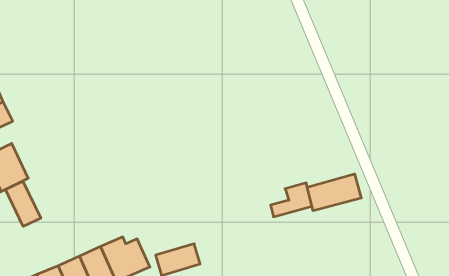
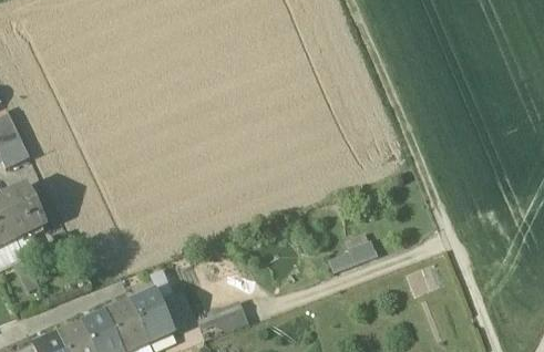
building: [307,174,361,211] -> none
building: [5,181,41,226] -> none

